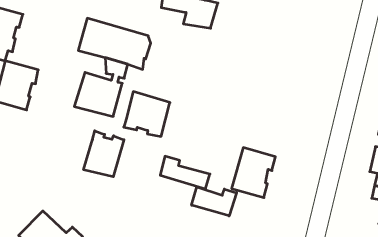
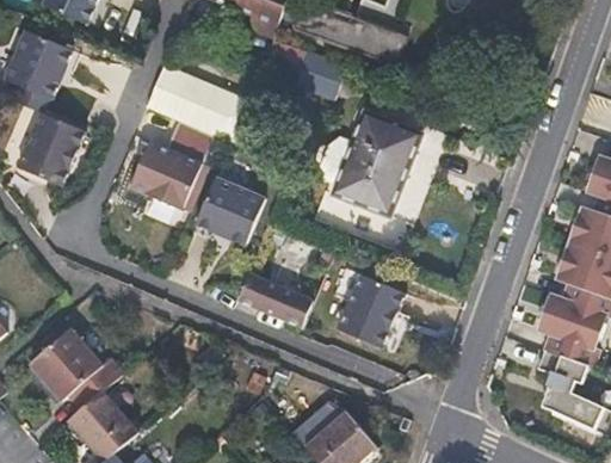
building: none -> [321,110,421,216]
building: [84,131,124,177] -> none
building: [192,187,237,216] -> none

